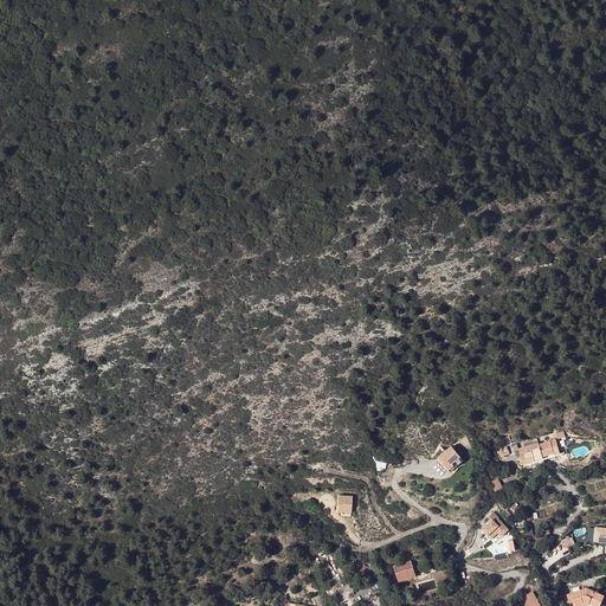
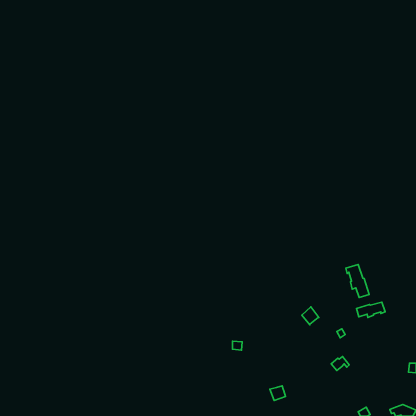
building: none -> [346,265,369,298]

